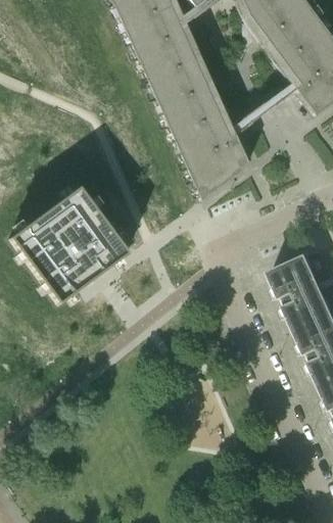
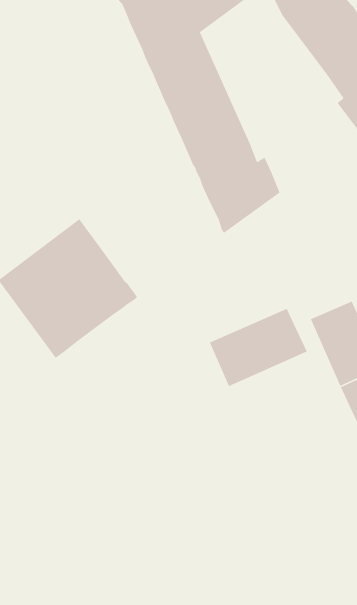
building: none -> [209,308,308,387]

